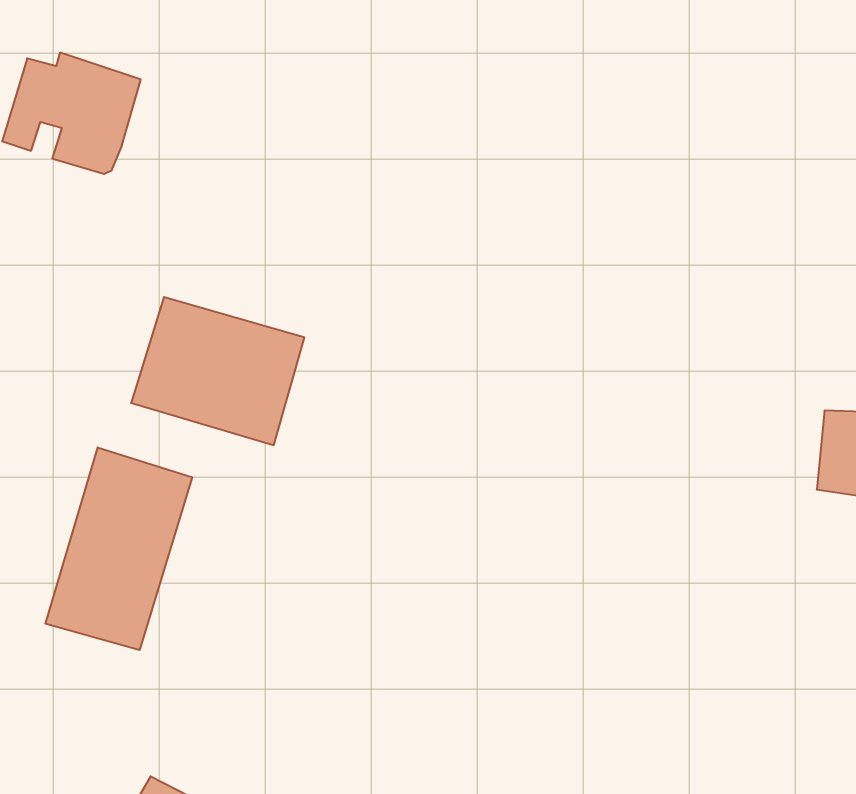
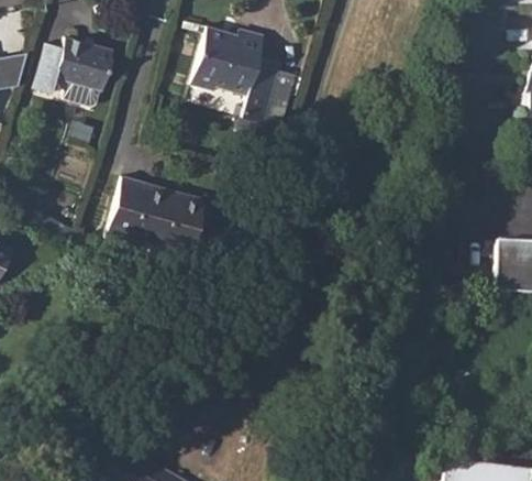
building: none -> [188,31,280,122]
building: [45,447,192,650] -> none

